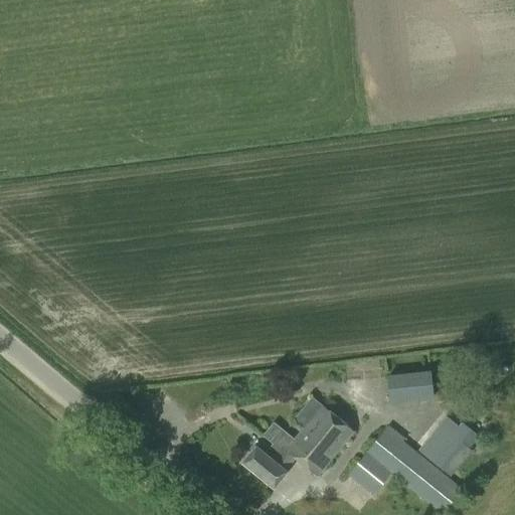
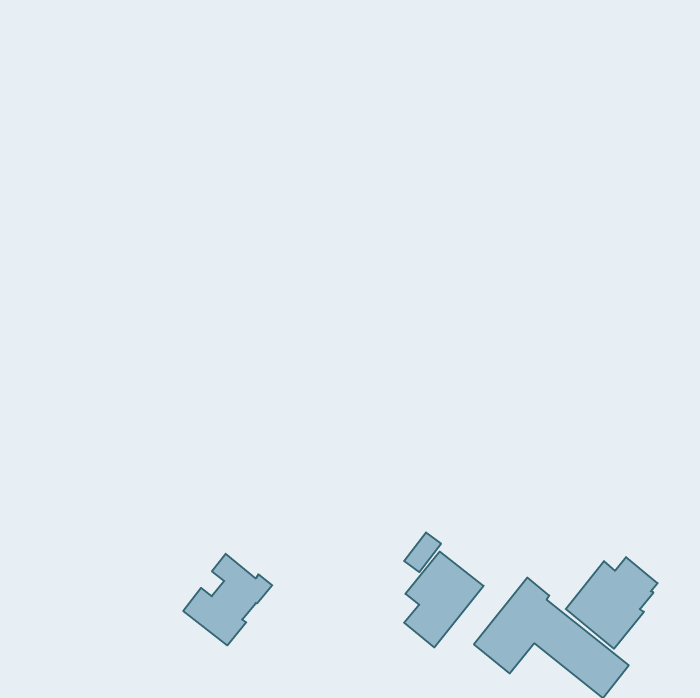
building: [386,370,435,402] -> none
building: [242,421,308,489] -> [183,554,272,645]

